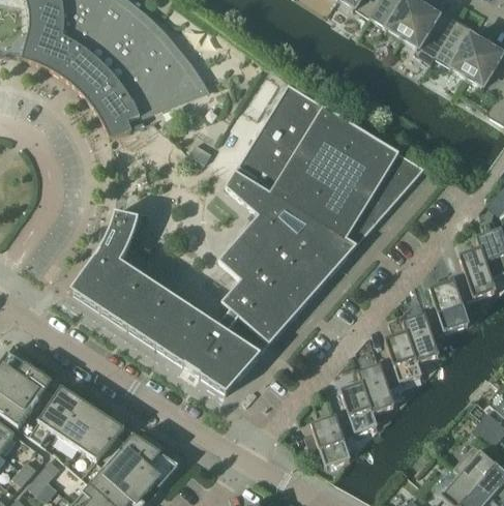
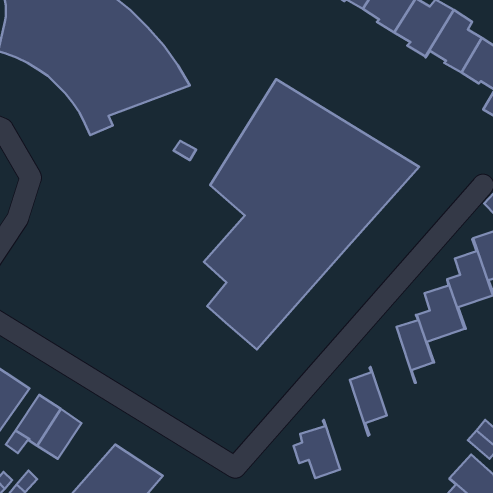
building: [70,211,262,392] -> none
building: [379,321,421,406] -> none
building: [334,371,377,457] -> none
building: [80,413,125,459] -> none

